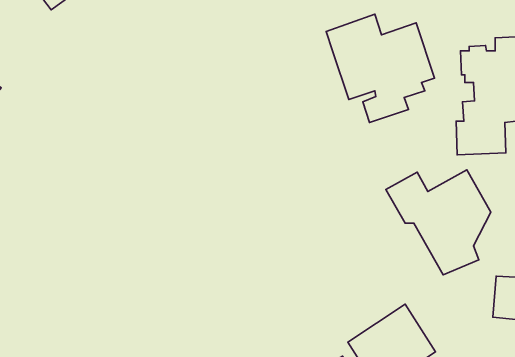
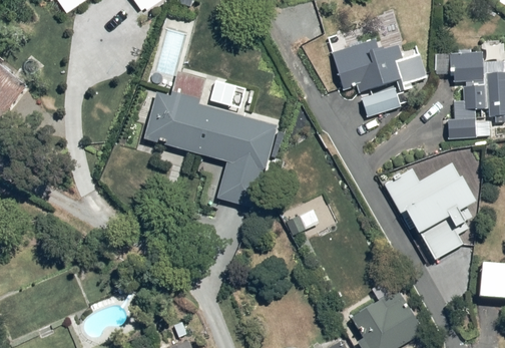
building: none -> [145,67,278,221]

